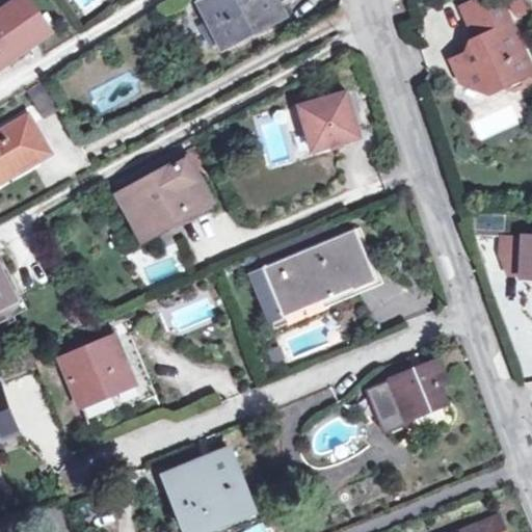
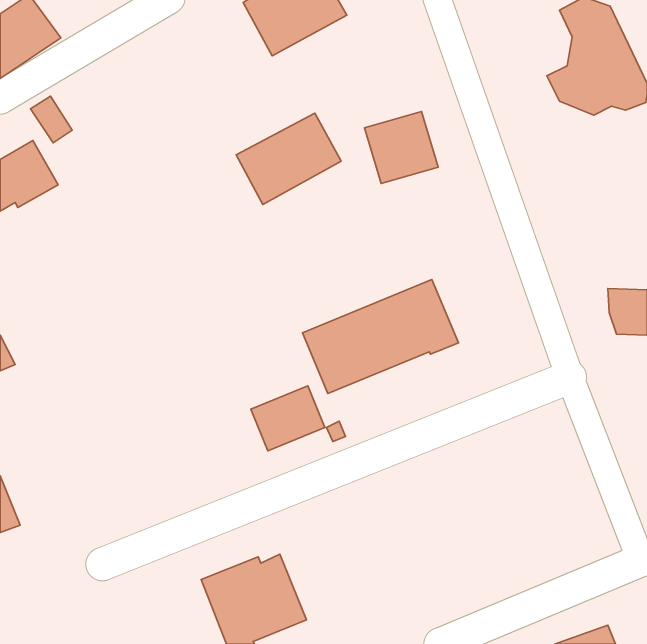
building: [121,161,207,236] -> [236,113,341,204]
building: none -> [251,386,325,451]
building: [59,327,150,402] -> none
building: [366,360,447,432] -> none

